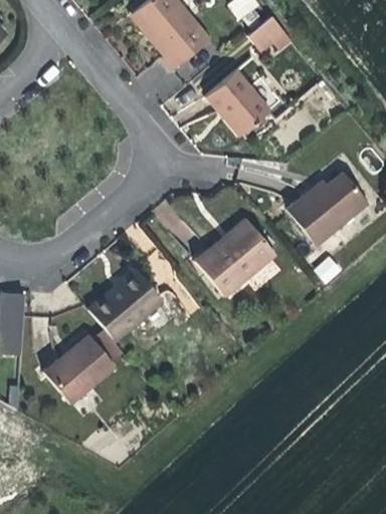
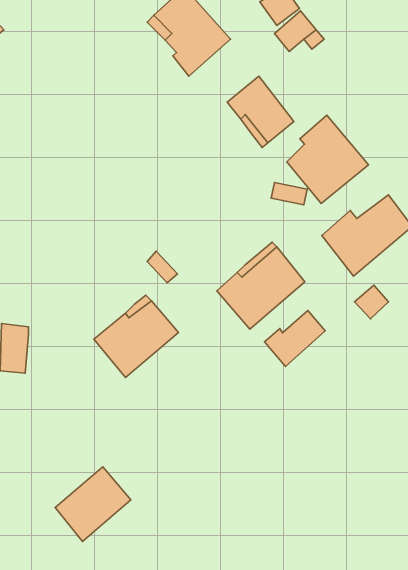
building: none -> [287,115,368,204]
building: none -> [264,311,325,366]
building: [50,336,118,403] -> [55,467,131,541]

